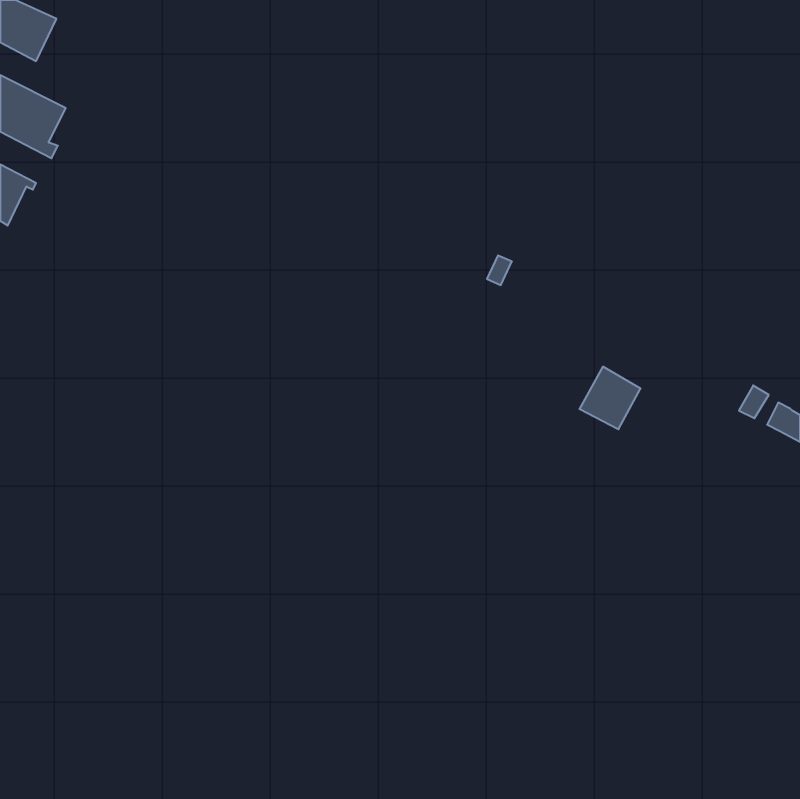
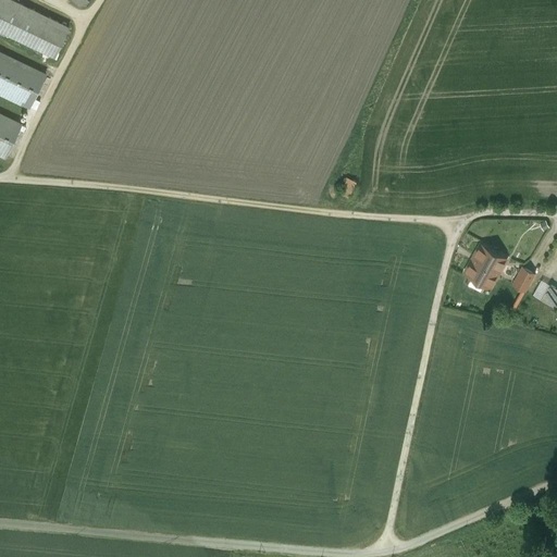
building: none -> [25,14,69,58]
building: [579,367,641,429] -> [465,245,507,288]

